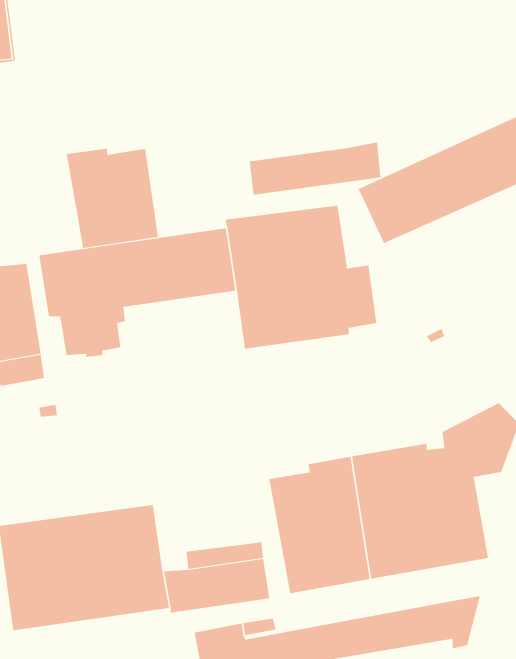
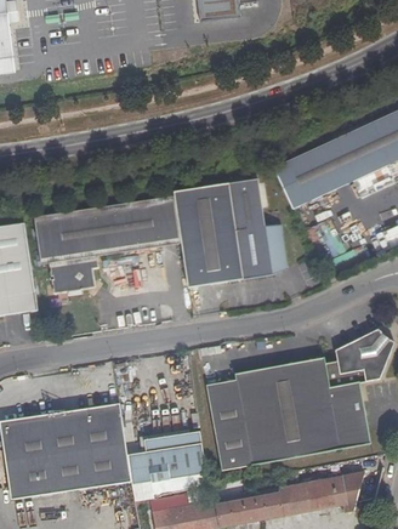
building: [249,142,382,196] -> none
building: [66,148,158,249] -> none

